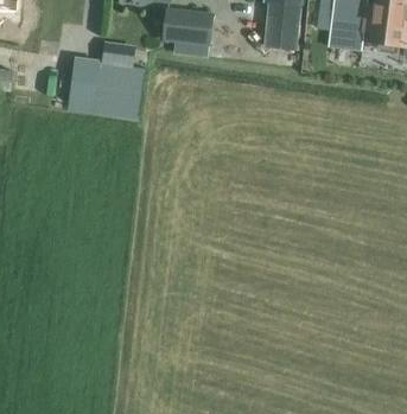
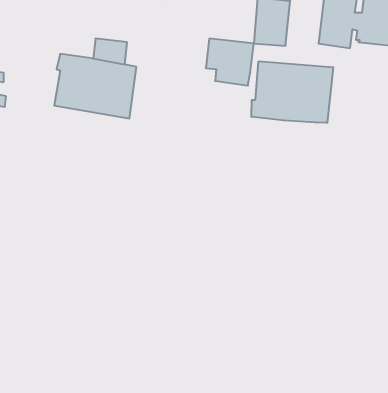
building: [164,8,212,56] -> [206,39,254,86]
building: none -> [251,61,333,123]

